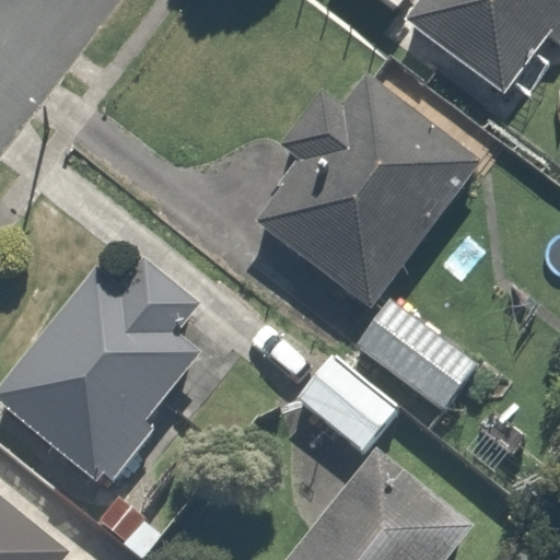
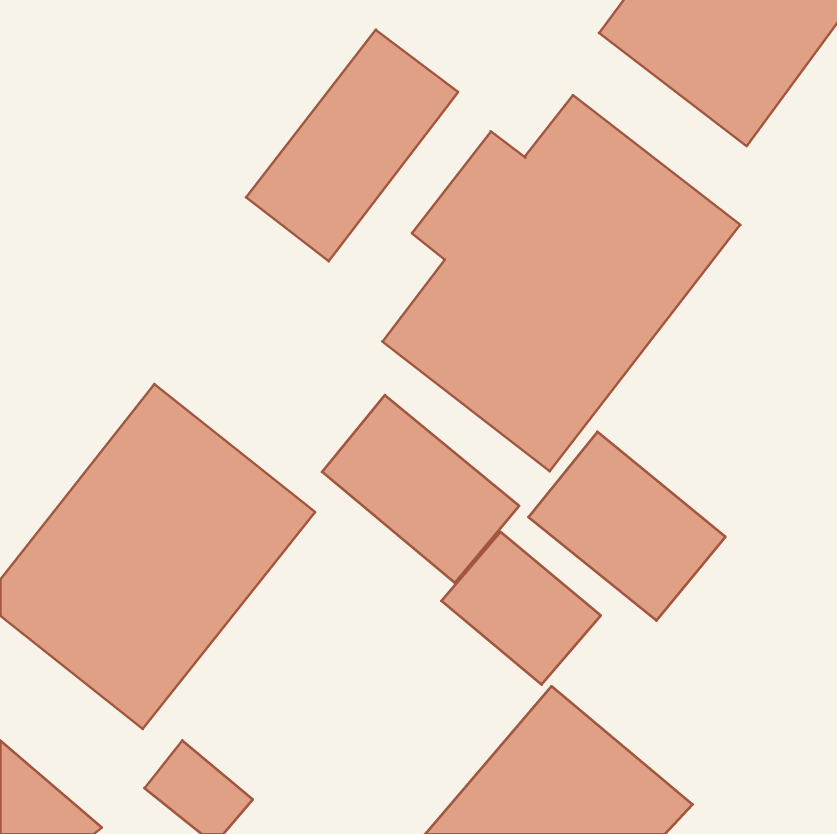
building: none -> [246,30,458,261]
building: none -> [322,395,519,583]

